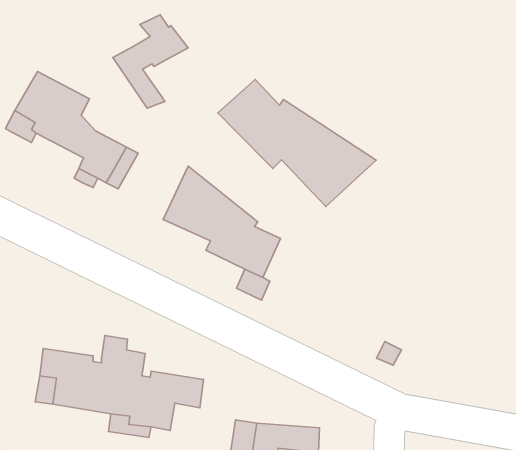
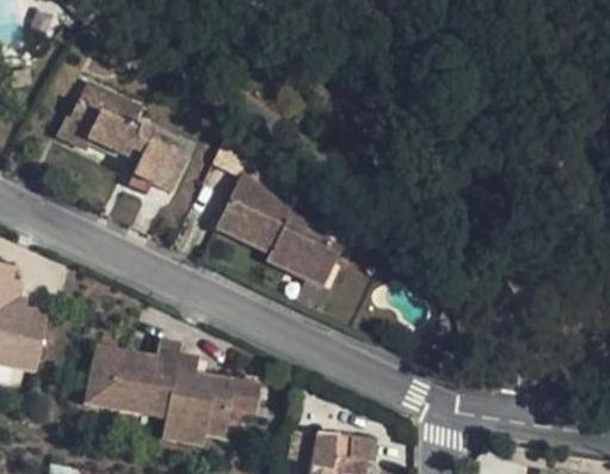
building: [113,15,188,108] -> none
building: [218,79,376,207] -> none

